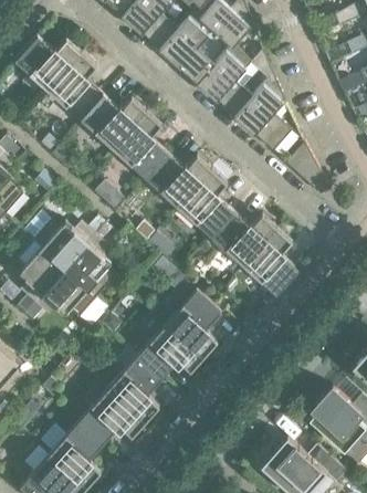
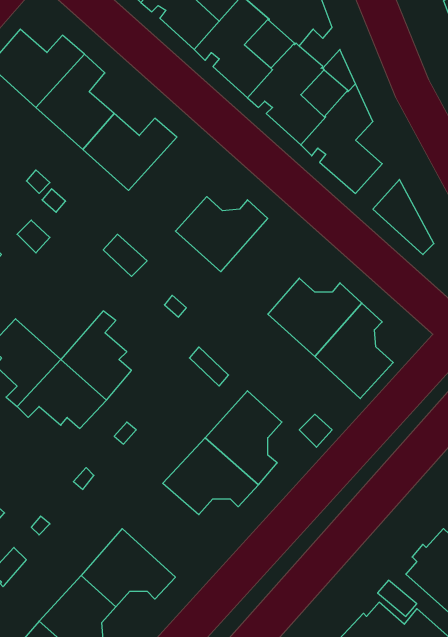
building: [112,112,167,178] -> none
building: [177,169,232,237] -> none
building: [32,219,94,269] -> none
building: [107,356,161,422] -> none

